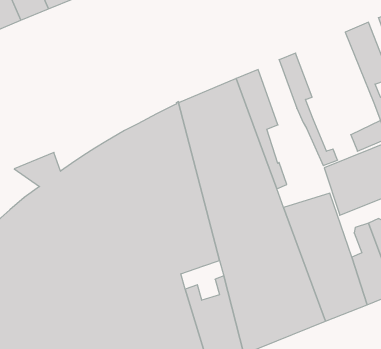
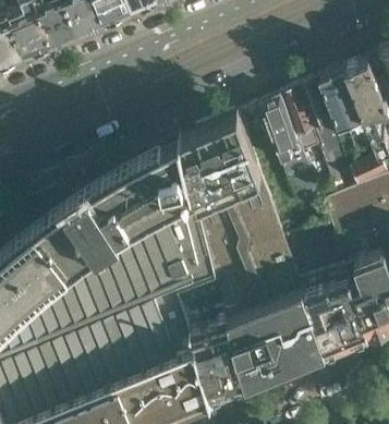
building: none -> [318,73,373,148]
building: none -> [295,86,338,161]
building: none -> [258,100,306,178]

